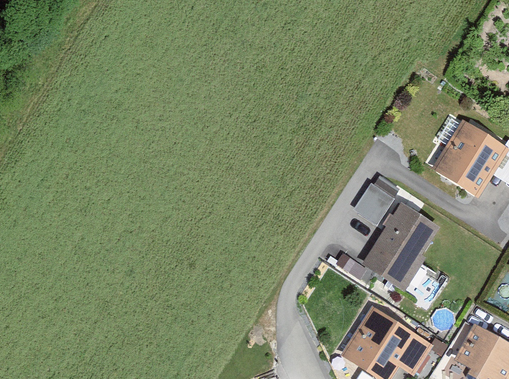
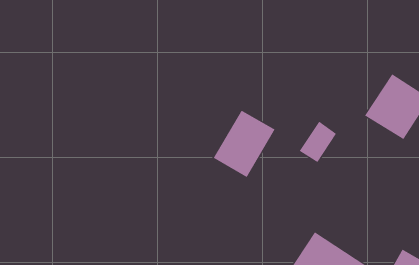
building: [365,205,438,284] -> [213,110,275,178]

